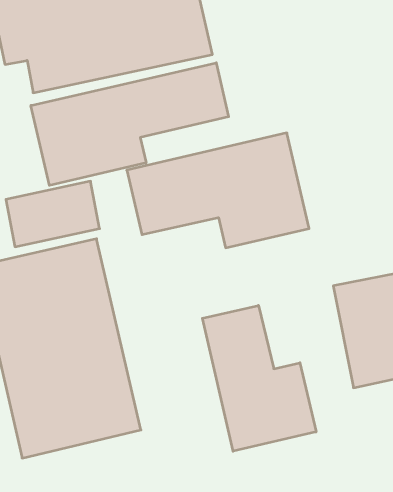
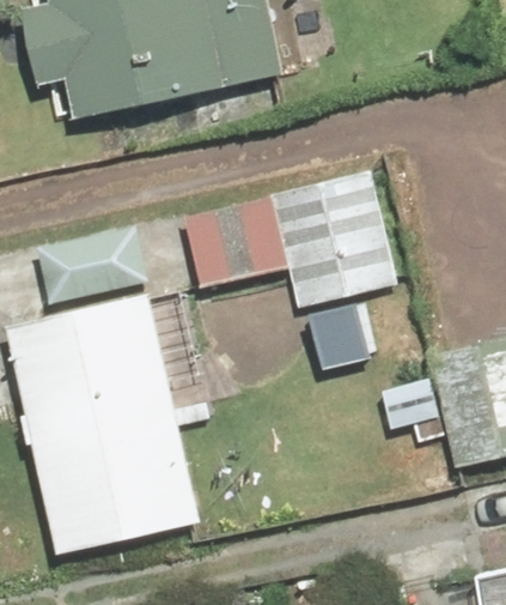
building: [31,63,229,185] -> none
building: [202,305,316,451] -> none

